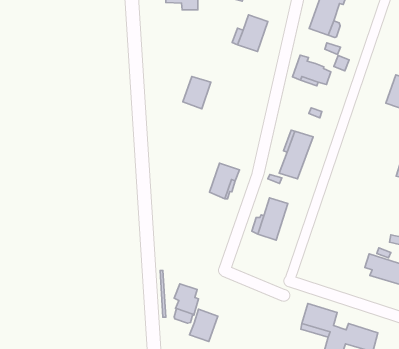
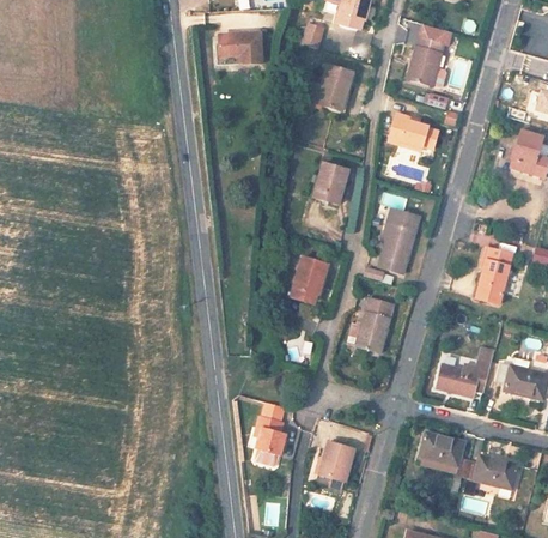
building: [183,76,211,109] -> [313,162,348,202]
building: none -> [476,248,512,303]
building: none -> [437,352,493,397]
building: [190,309,218,342] -> [319,440,354,480]

